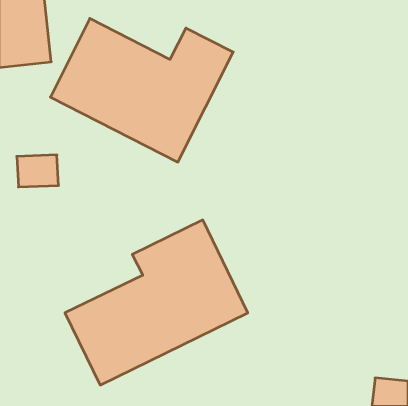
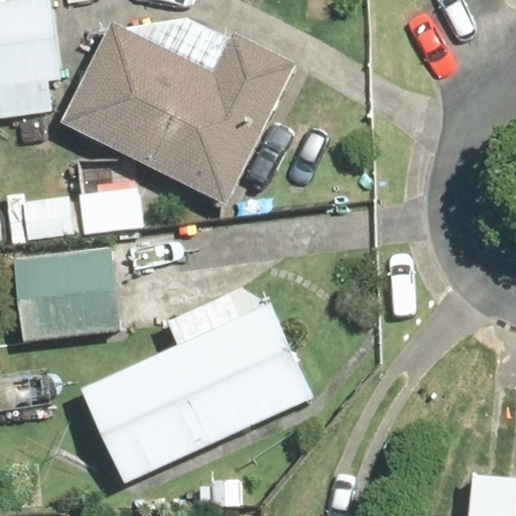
building: none -> [11,246,119,342]

